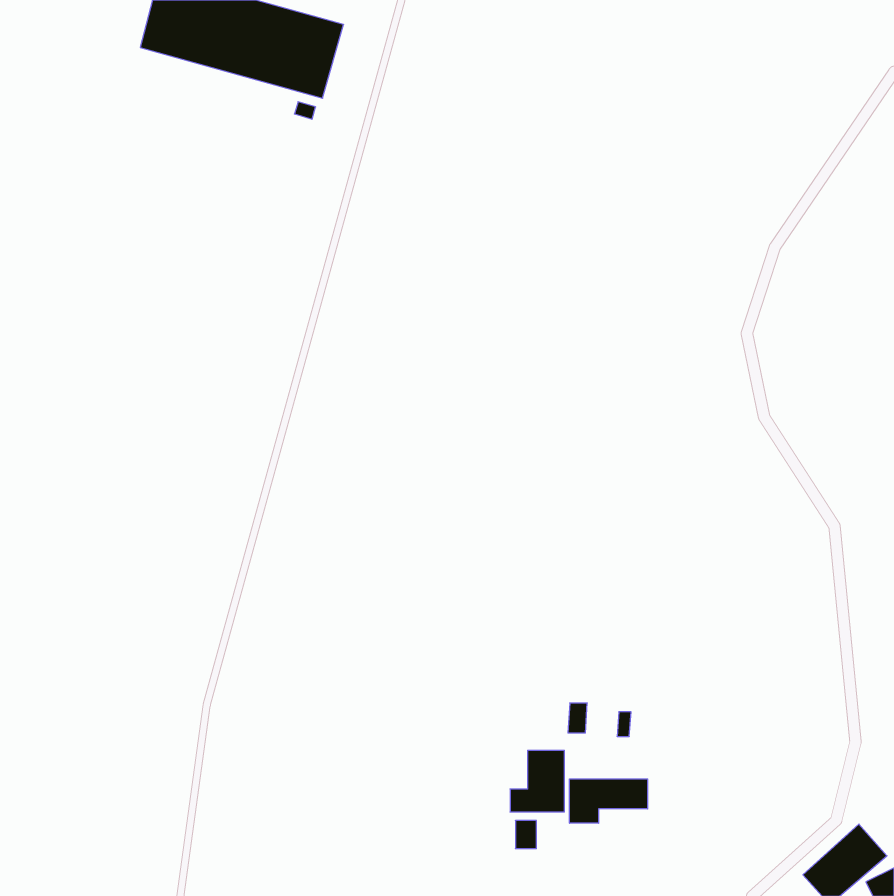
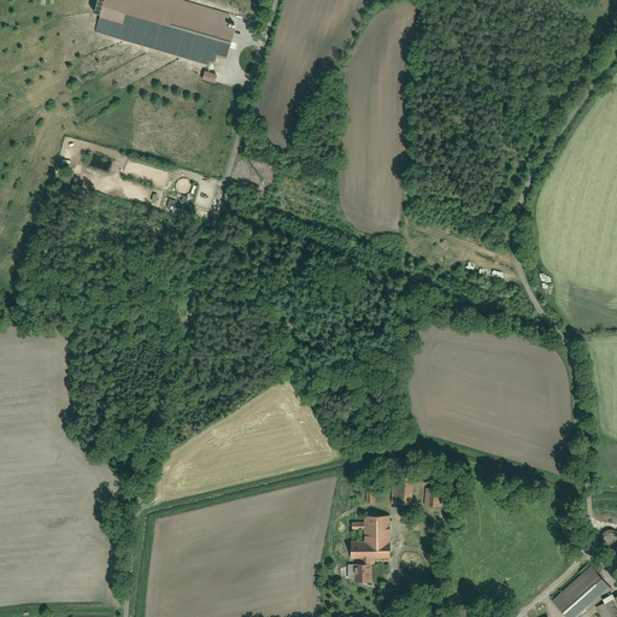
building: [570,779,648,823] -> none

